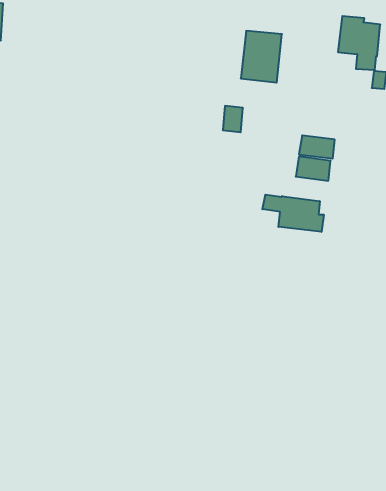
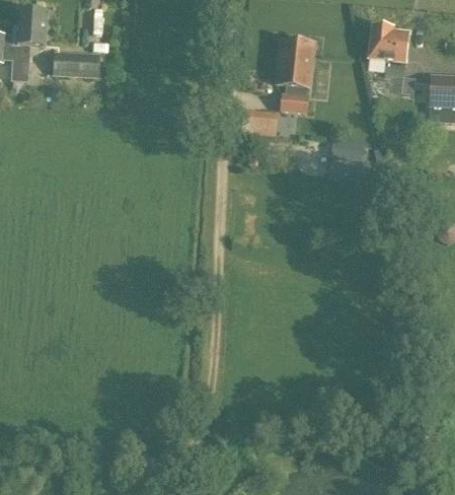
building: none -> [53,50,99,77]
building: none -> [280,92,309,113]
building: [262,195,324,232] -> none

